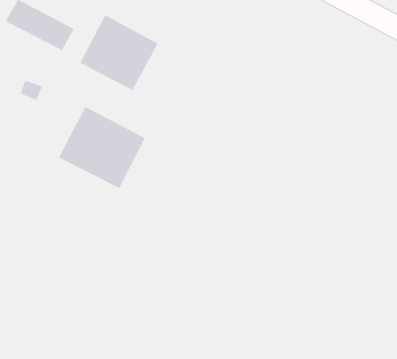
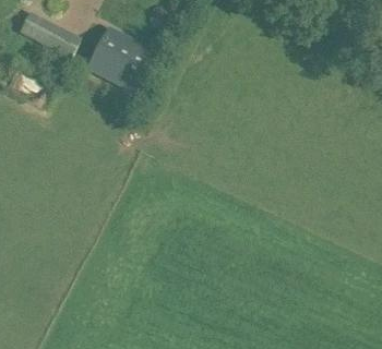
building: [58,106,146,189] -> none

